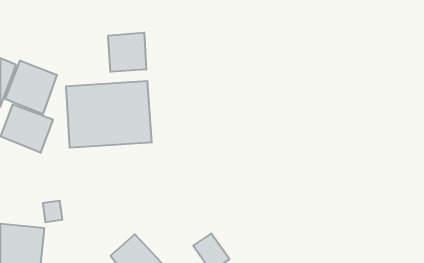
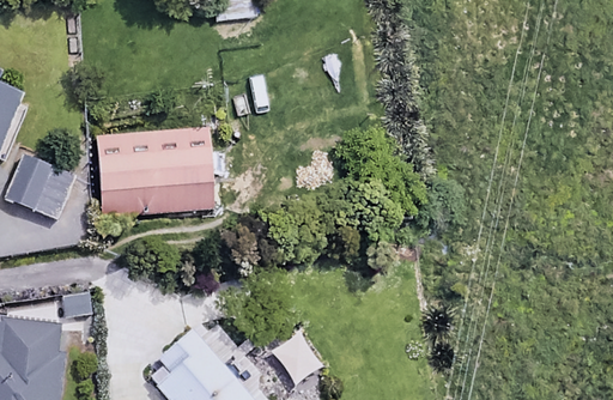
building: [108,32,146,72] -> none
building: [5,60,57,114] -> none

